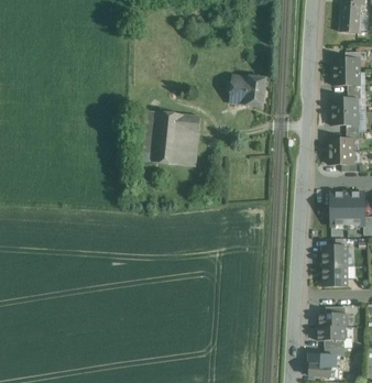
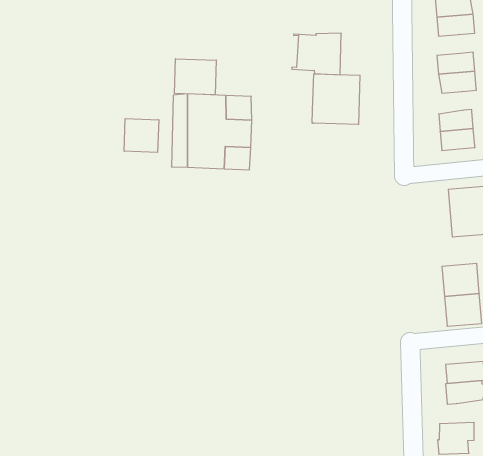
building: none -> [174,59,216,95]
building: none -> [312,74,360,125]
building: none -> [124,119,159,152]

